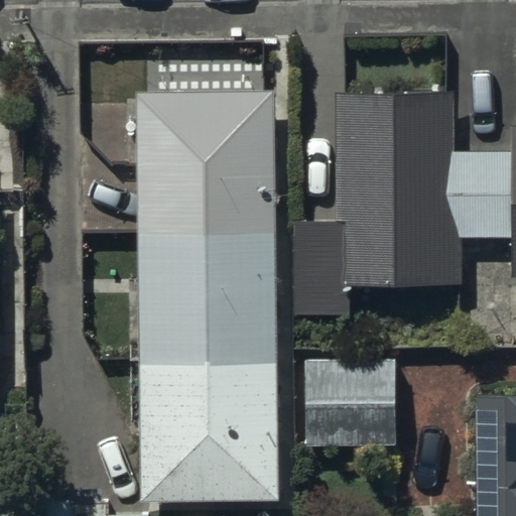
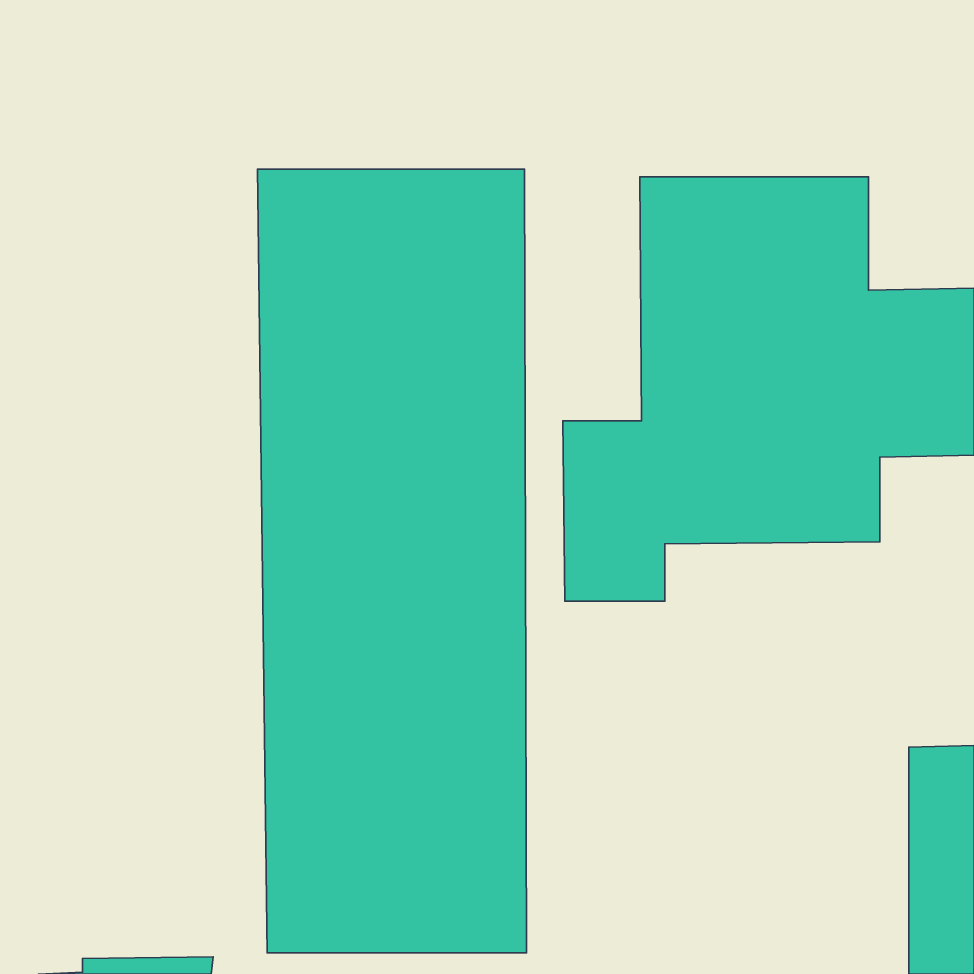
building: [301,358,390,443] -> none

